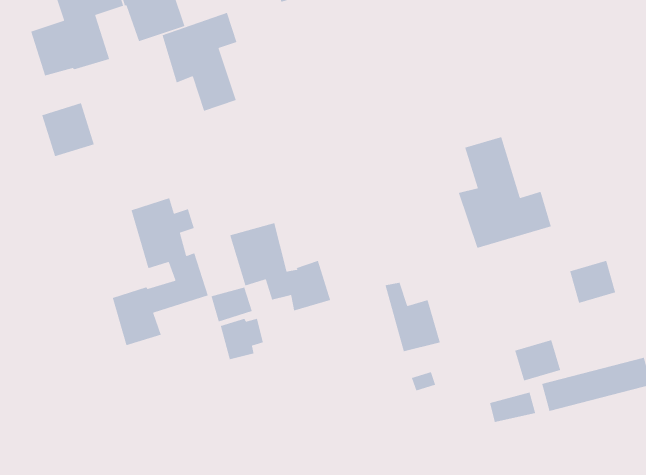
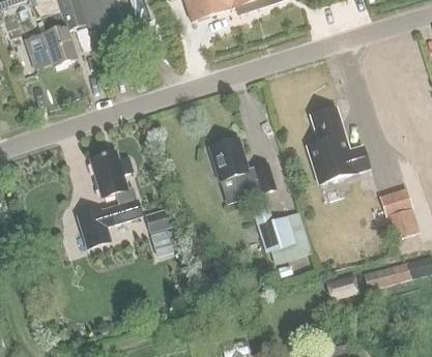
building: [161,12,238,112] -> none
building: [41,102,95,157] -> none
building: [229,222,331,312] -> [210,138,278,197]
building: [514,339,561,382] -> [386,212,417,240]

